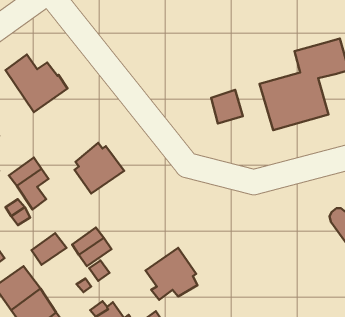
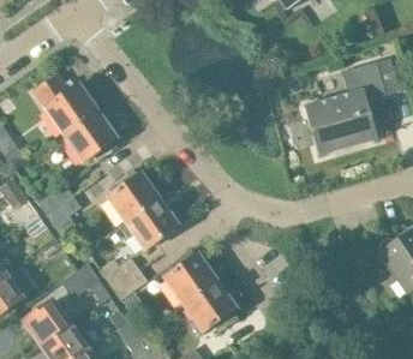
building: none -> [65,110,119,162]
building: [211,90,243,124] -> none
building: none -> [120,198,180,250]
building: none -> [161,249,219,304]

